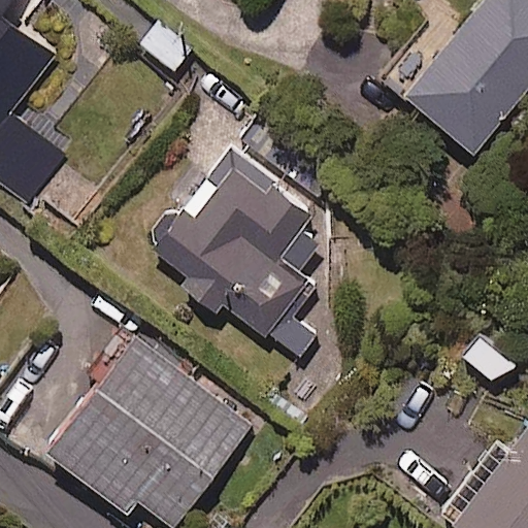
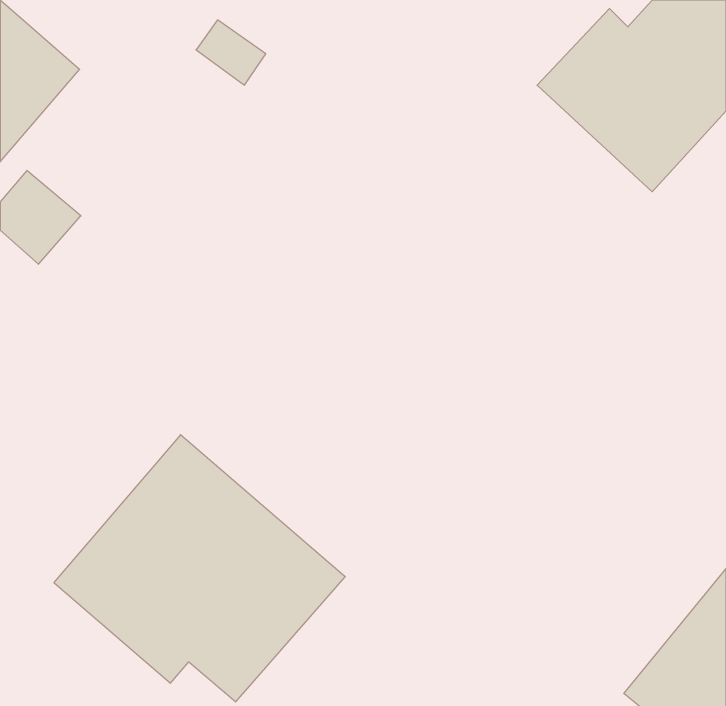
building: [158,156,335,369] -> none

